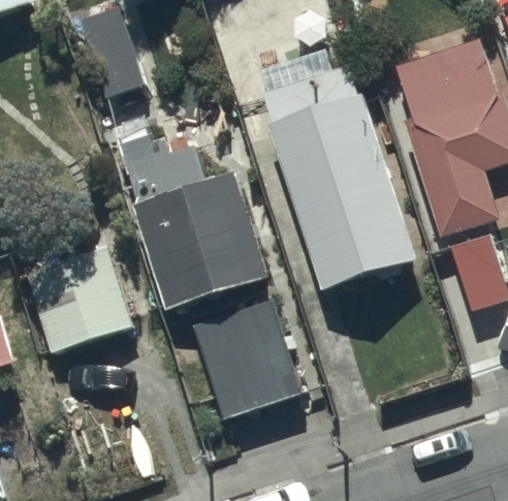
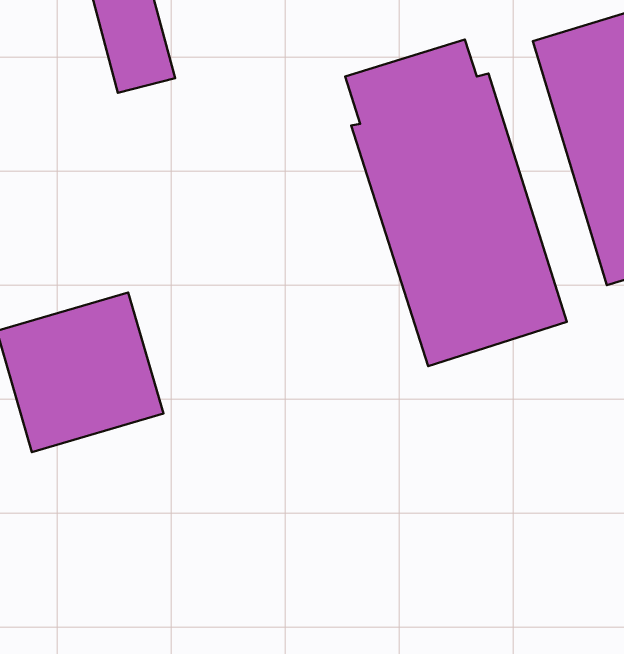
building: [130,175,259,308] -> none
building: [199,295,306,414] -> none

